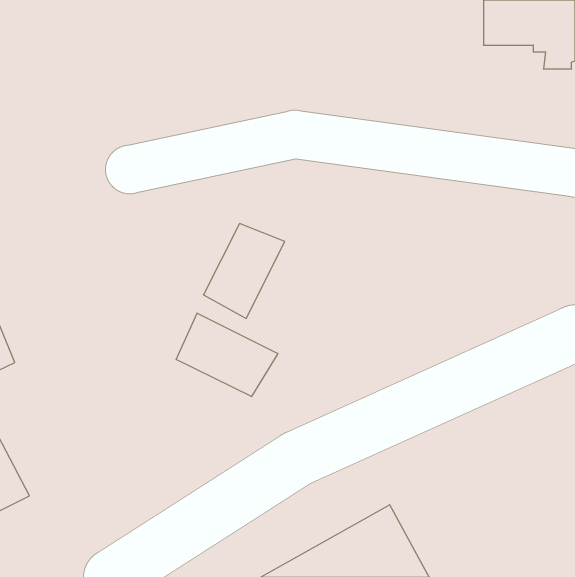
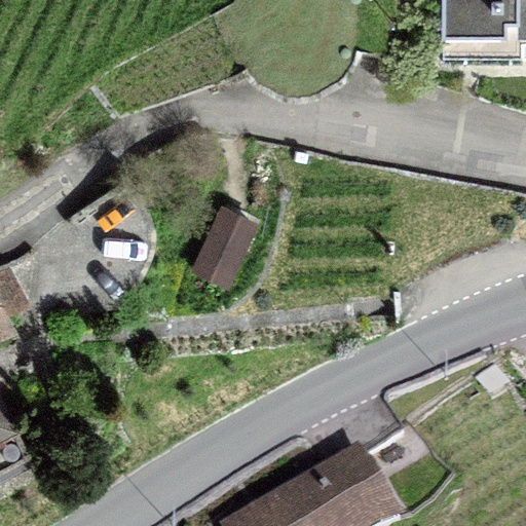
building: [176,313,278,397] -> none

